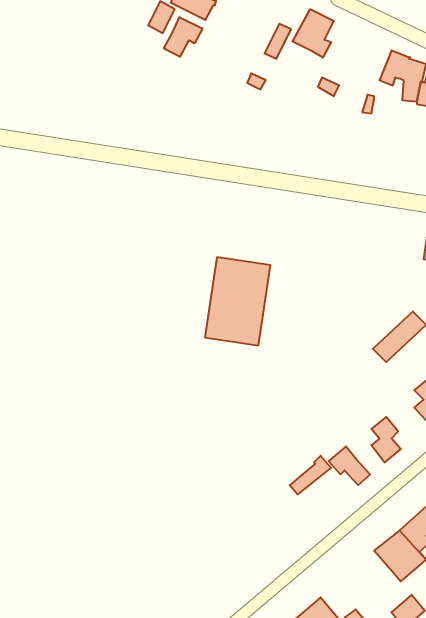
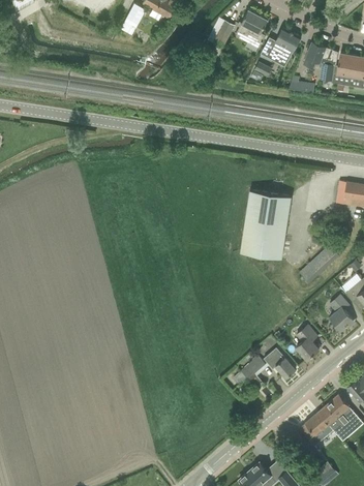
building: [164,17,202,57] -> none
building: none -> [272,26,301,57]
building: [205,257,270,345] -> [241,189,292,257]

